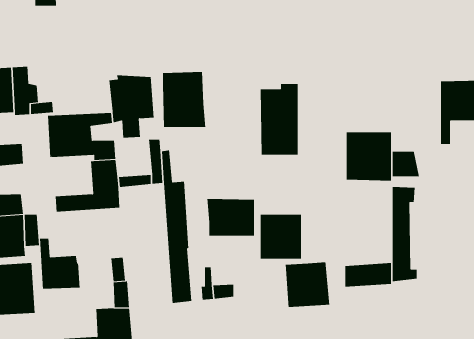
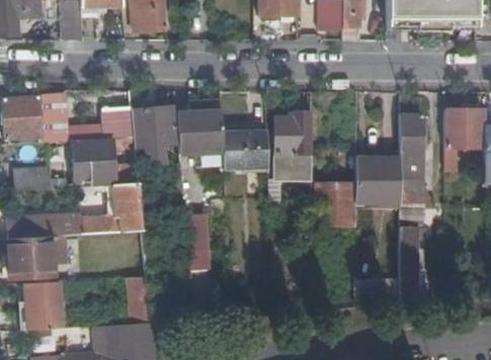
building: none -> [104,109,135,139]
building: none -> [399,112,421,176]
building: [206,199,255,236] -> [222,131,267,167]
building: [260,214,302,259] -> [316,183,355,226]
building: [39,238,80,290] -> none
building: [285,261,330,308] -> none

